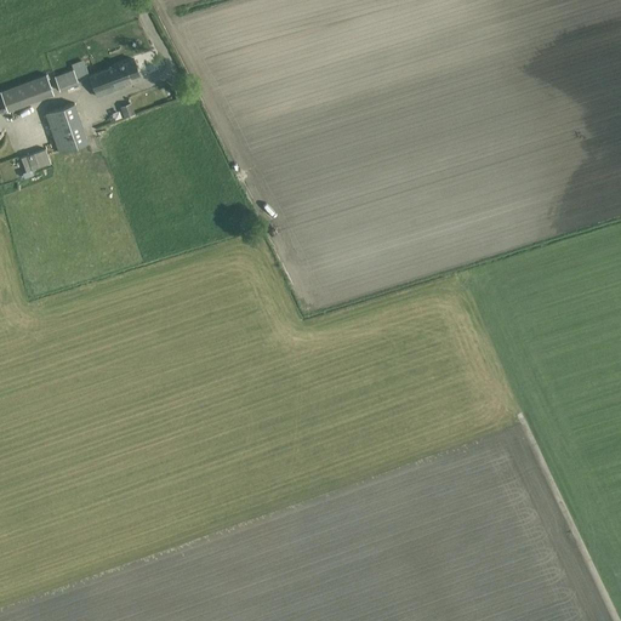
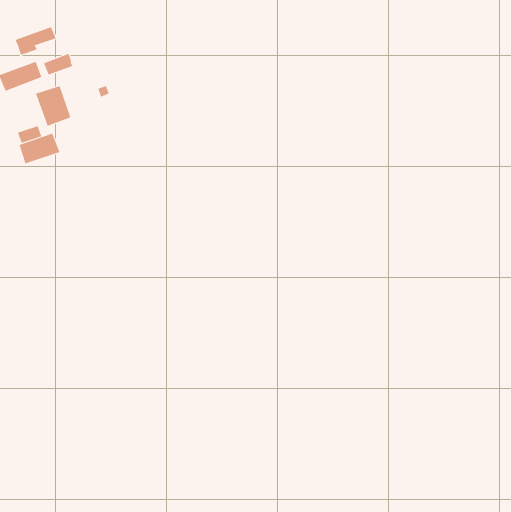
building: [86,61,137,96] -> [14,26,57,56]
building: none -> [19,133,60,164]

